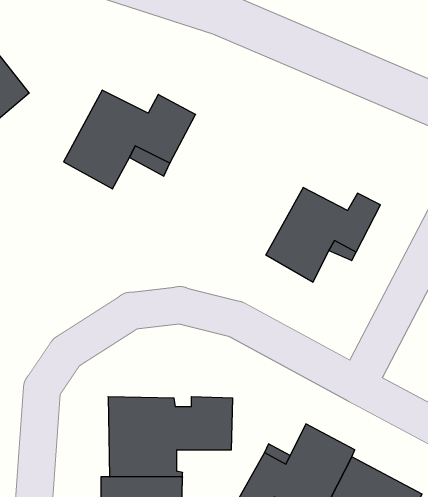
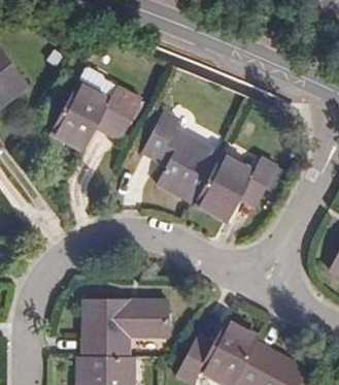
building: none -> [142,107,224,198]

